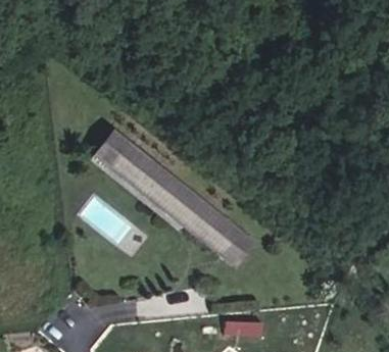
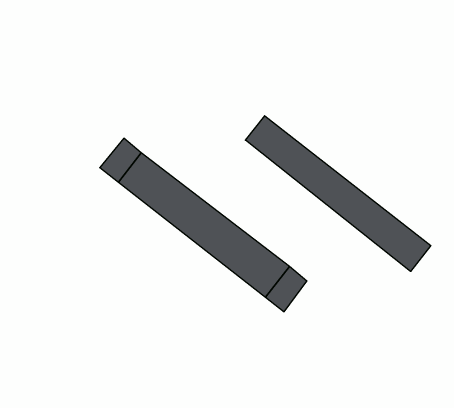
building: none -> [245,116,431,271]

